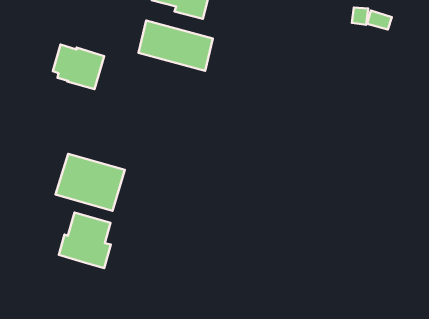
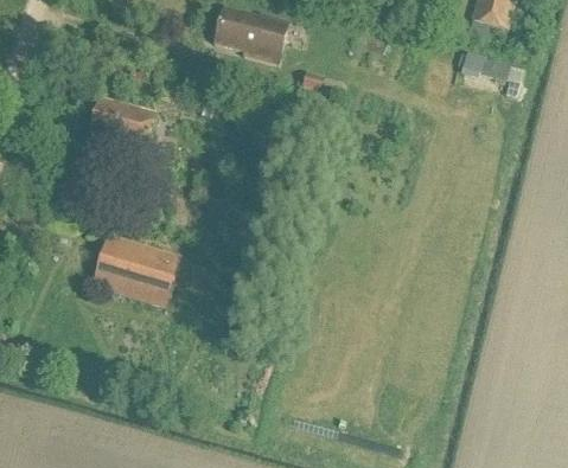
building: [139,21,213,71] -> none
building: [59,212,111,268] -> none

